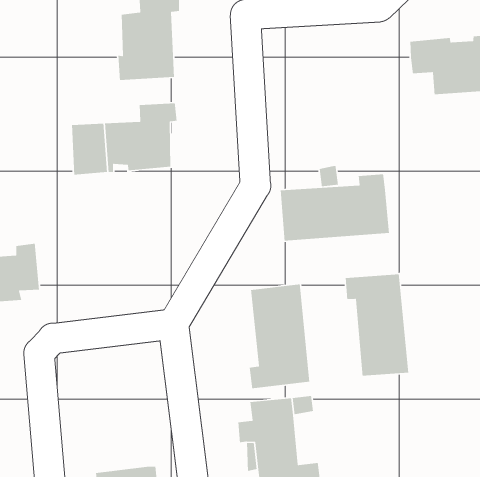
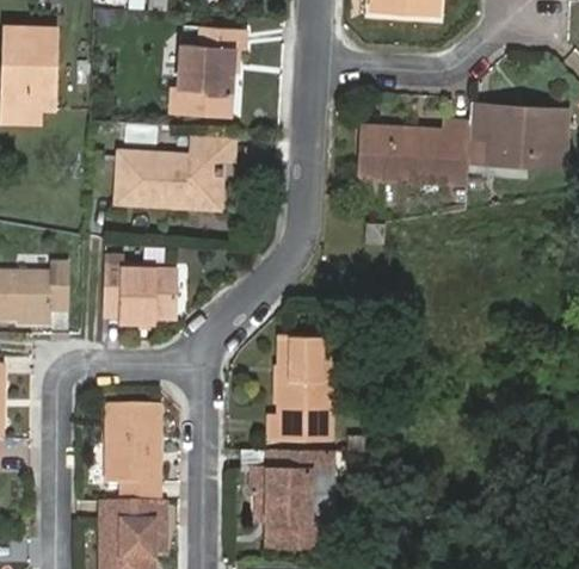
building: [280,174,390,242] -> [361,123,469,185]
building: none -> [103,254,174,320]
building: [345,274,409,376] -> none
building: none -> [104,406,159,502]

